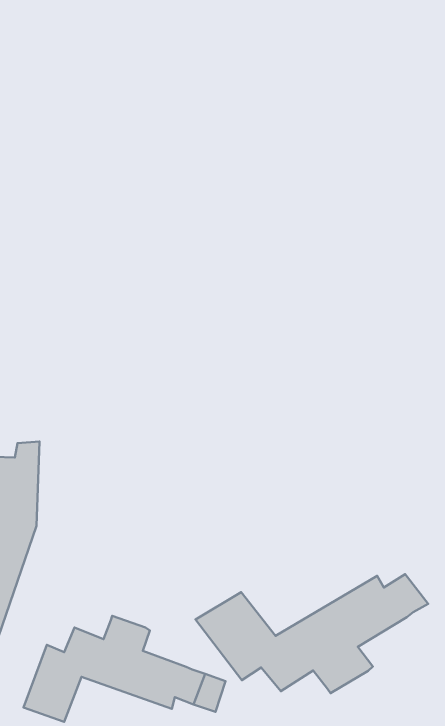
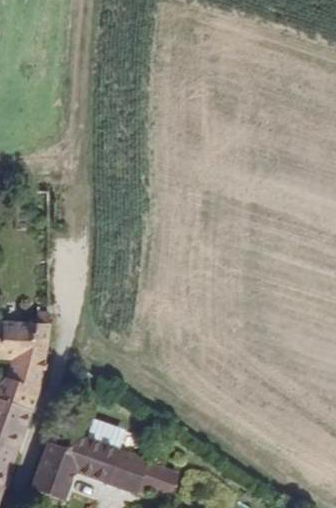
building: [195,574,428,693] -> none

